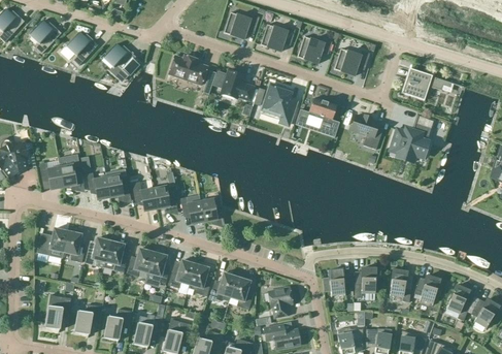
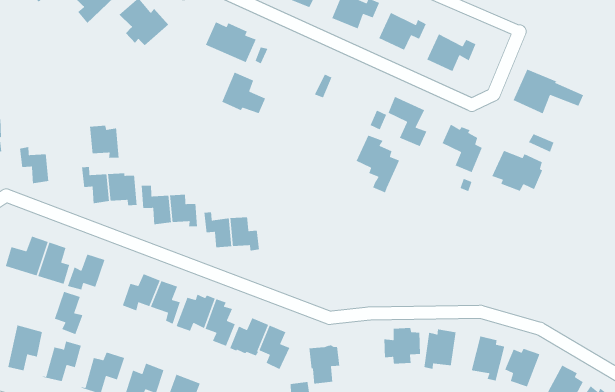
building: [222,69,255,99] -> [221,71,266,114]
building: [264,84,297,126] -> [355,135,400,193]
building: [60,163,85,188] -> [89,125,119,159]
building: [106,239,128,271] -> [54,291,83,335]

